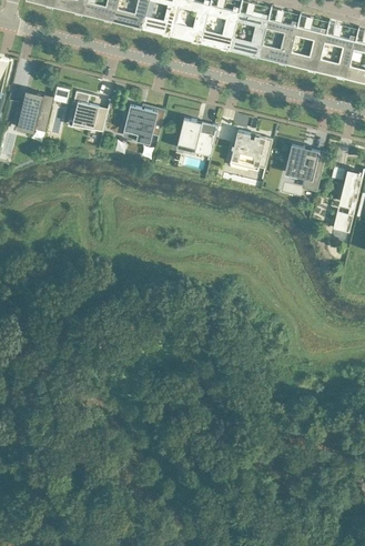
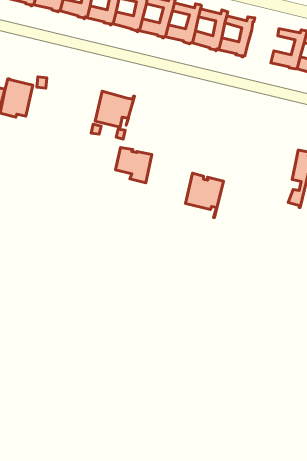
building: [286,26,326,72] -> none
building: [71,89,109,130] -> none
building: [176,117,216,155] -> [116,148,152,183]
building: [229,129,271,178] -> [185,173,224,217]
building: [283,142,324,189] -> none

